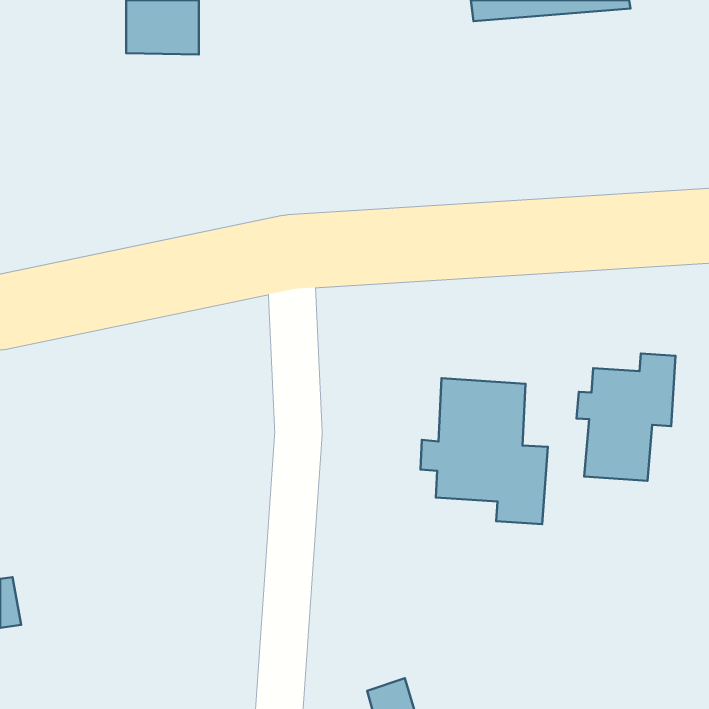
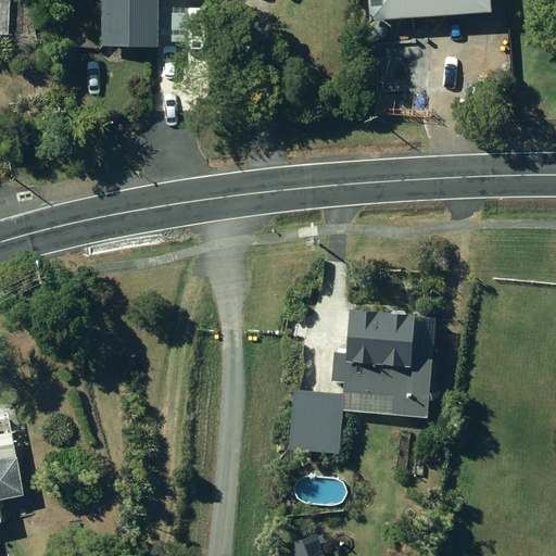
building: [577,353,675,481] -> none
building: none -> [290,388,342,450]

